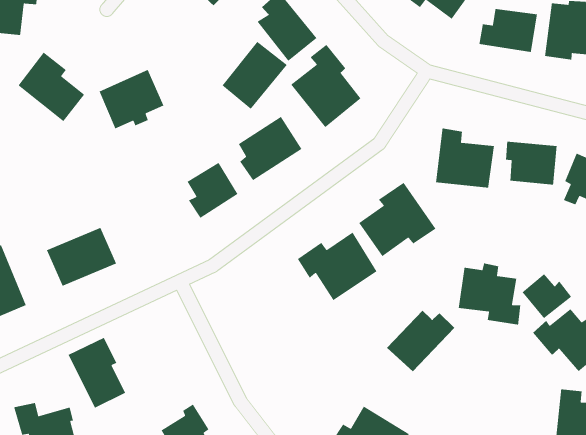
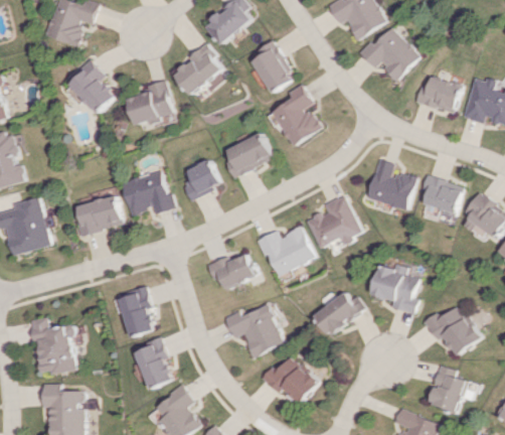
building: [222,41,288,110] -> [173,45,224,96]
building: none -> [120,170,172,214]
building: [521,273,572,319] -> none
building: none -> [207,254,257,289]
building: [67,337,126,409] -> [118,286,157,338]
building: none -> [225,304,284,356]

